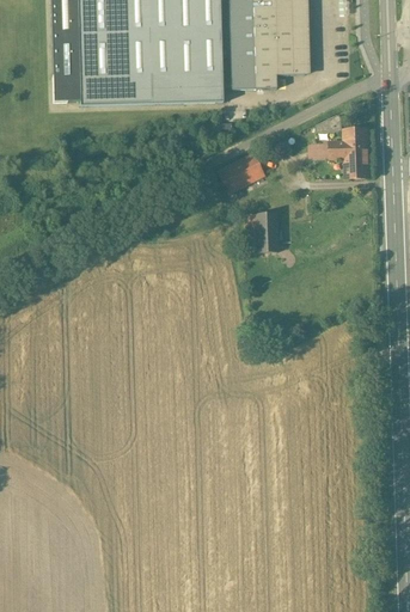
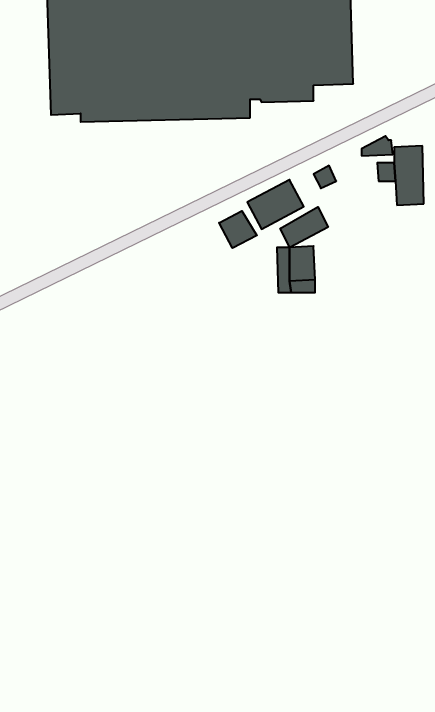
building: none -> [280,207,328,247]
building: none -> [219,211,257,248]

